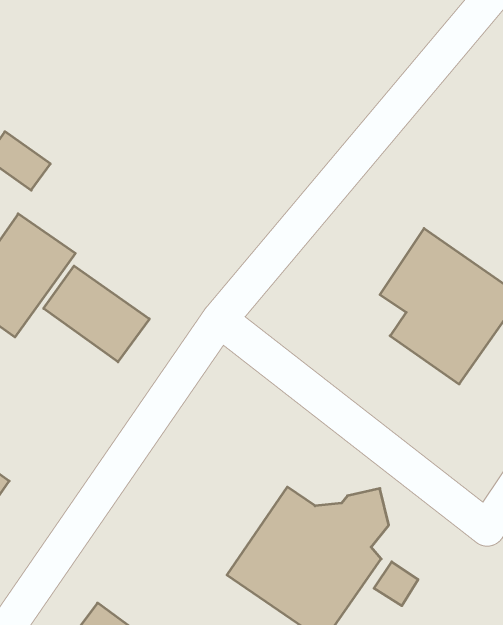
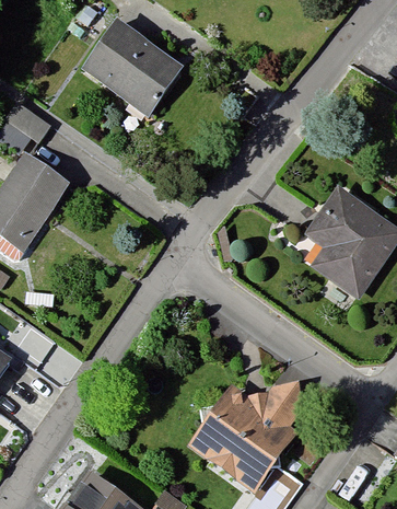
building: none -> [85,33,185,127]
building: [44,266,149,362] -> none

